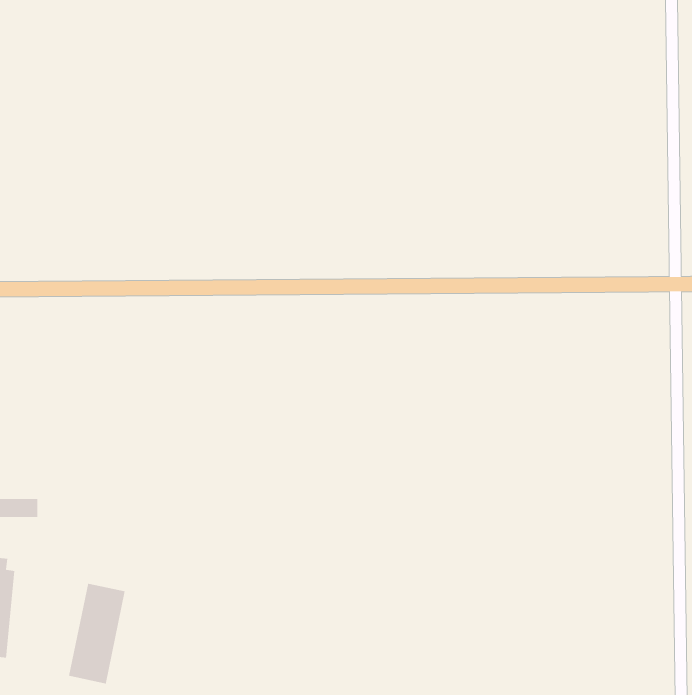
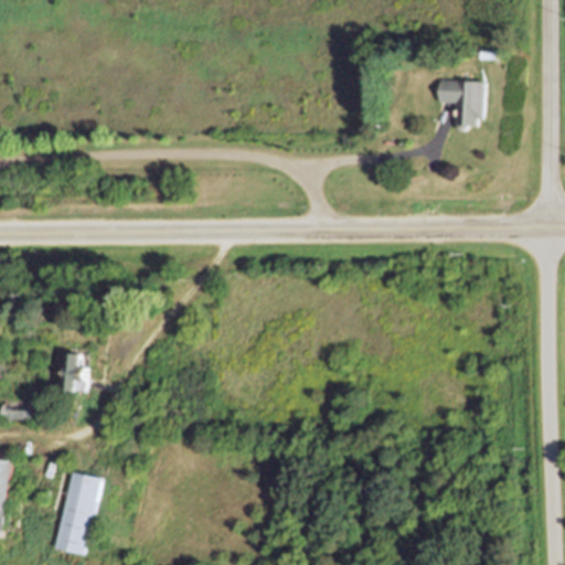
building: none -> [439,82,483,130]
building: none -> [62,354,86,393]

